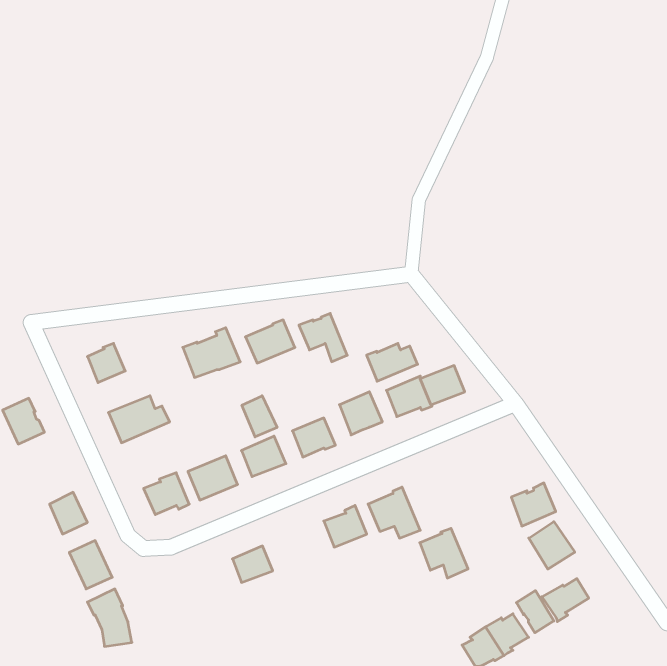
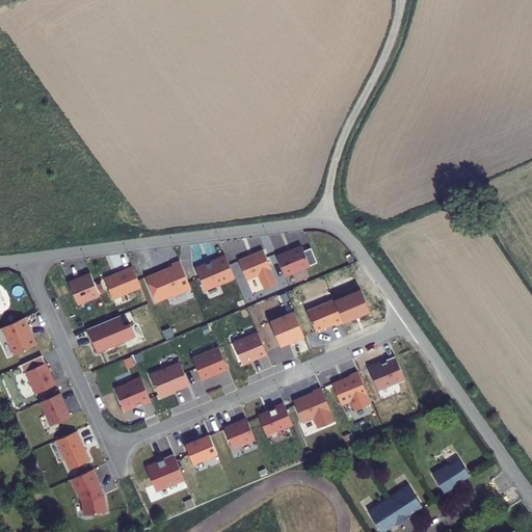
building: none -> [104,266,141,299]
building: [367,343,418,381] -> [276,245,317,275]
building: [242,396,277,437] -> none
building: none -> [24,362,55,393]
building: [511,483,556,526] -> [369,356,404,391]
building: [529,522,575,569] -> none
building: none -> [223,419,255,448]
building: [420,528,468,578] -> [332,372,371,411]
building: none -> [145,453,184,490]
building: [516,591,554,633] -> none

